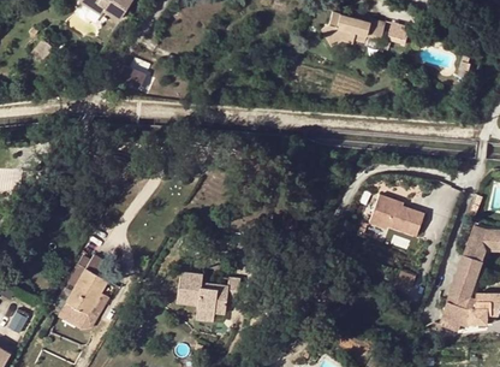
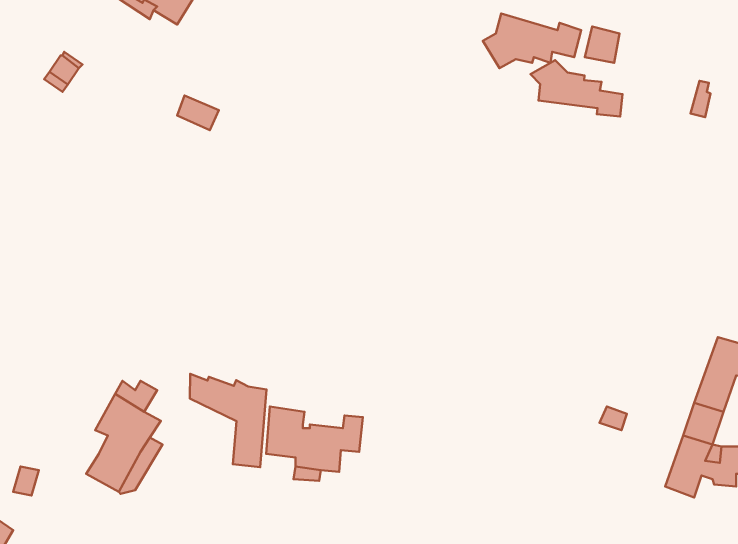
building: none -> [530,60,622,117]
building: [368,194,423,235] -> none
building: none -> [190,374,267,467]

